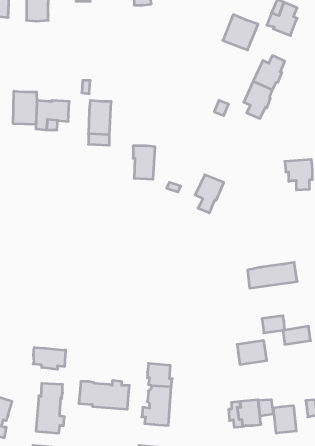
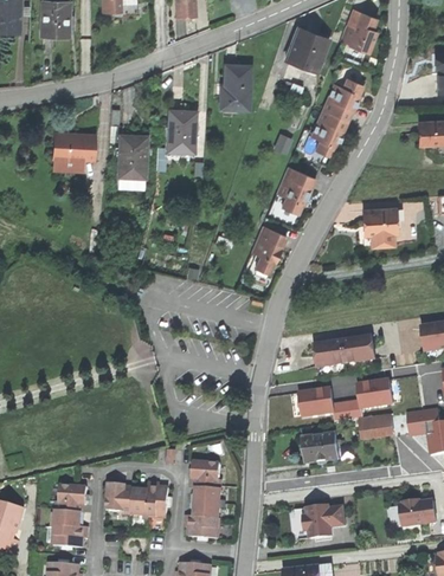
building: none -> [221,64,251,109]
building: [13,91,37,124] -> none
building: none -> [277,167,315,213]
building: [133,146,155,179] -> [169,110,197,151]
building: none -> [358,380,393,407]
building: none -> [300,388,335,416]
building: [33,347,66,369] -> none
building: [273,406,296,433] -> none

